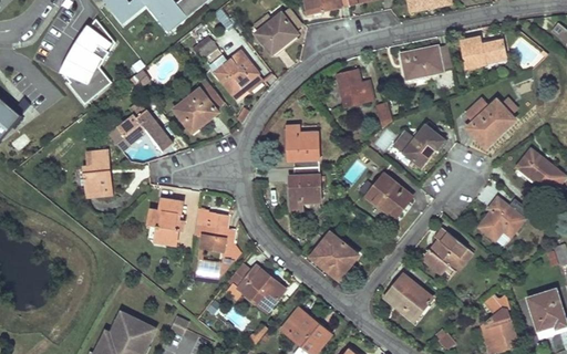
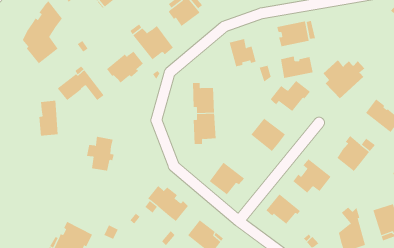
building: [462,37,506,66] -> [280,56,314,78]
building: [193,208,238,282] -> none

